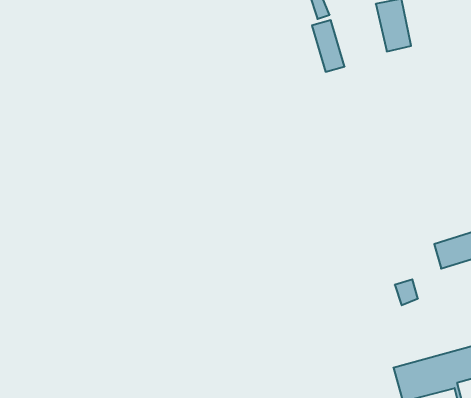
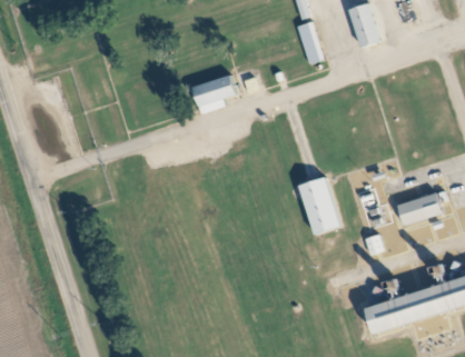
building: none -> [191,72,236,113]
building: none -> [299,177,338,232]

